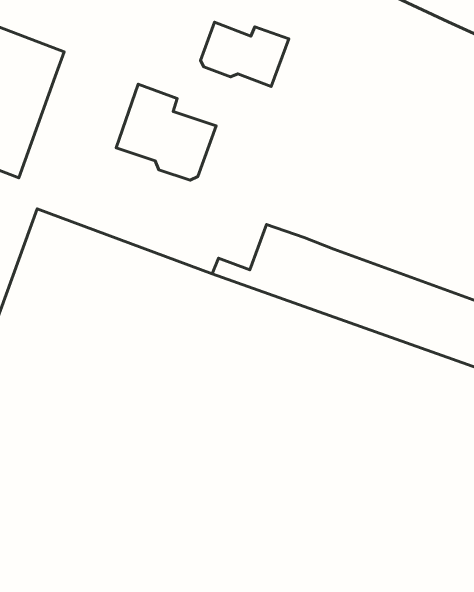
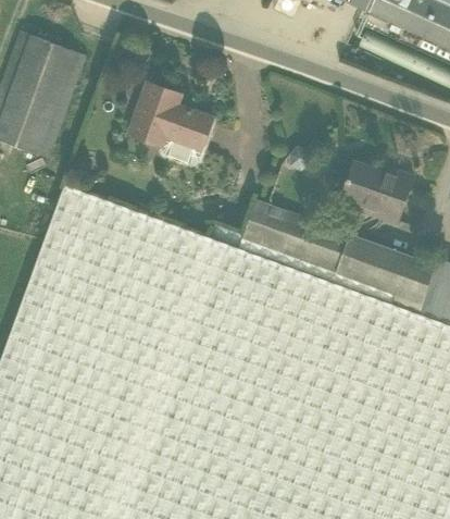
building: [201,22,289,86] -> none
building: none -> [342,161,414,222]

